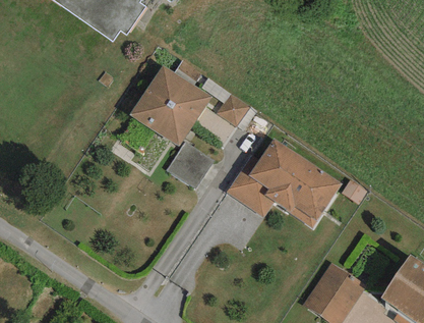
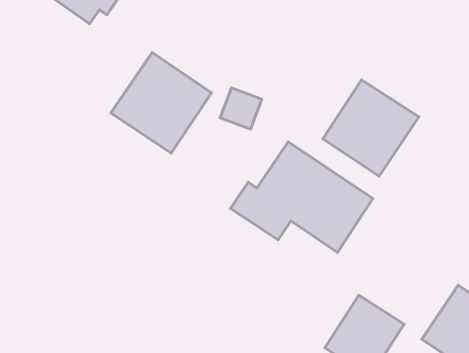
building: none -> [323,80,419,176]
building: [166,143,213,189] -> none

